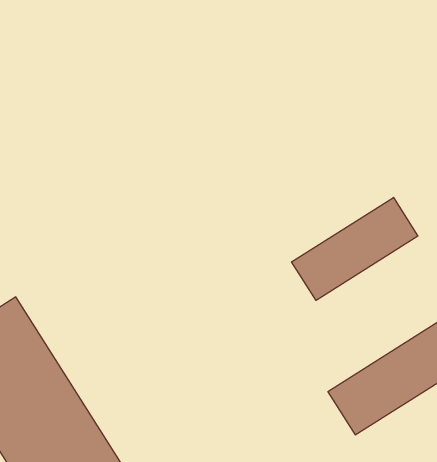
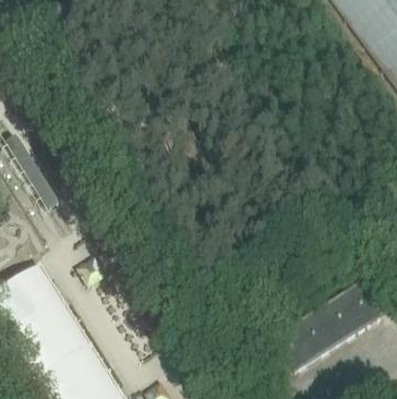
building: [292,197,418,300] -> none

